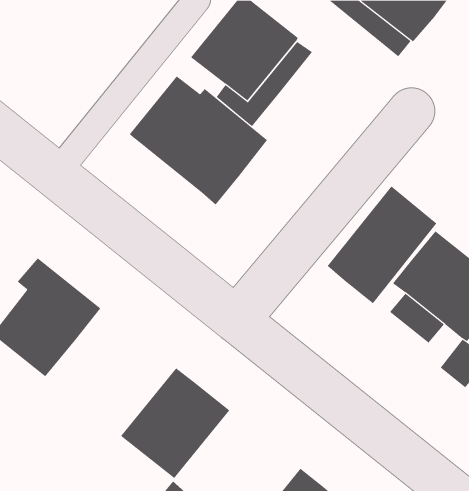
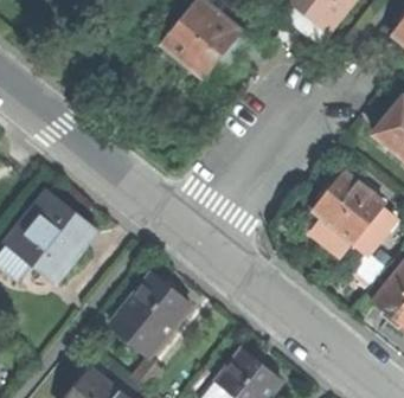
building: [129,75,268,206] -> none
building: [327,185,437,304] -> none

